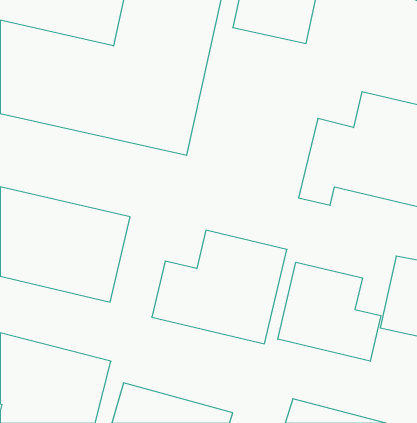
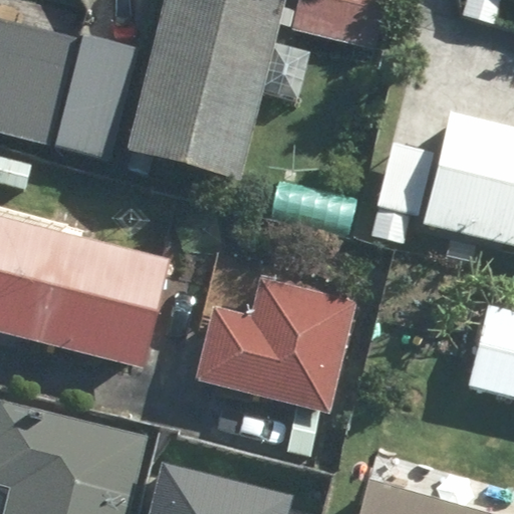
building: [278,262,381,361] -> none

